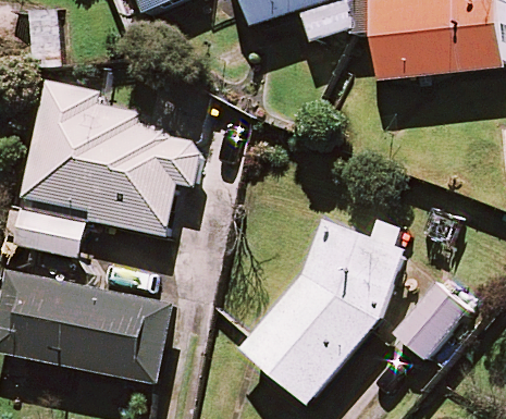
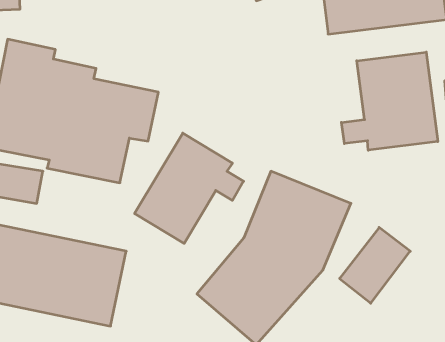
building: none -> [341,52,438,150]
building: none -> [135,133,244,243]

